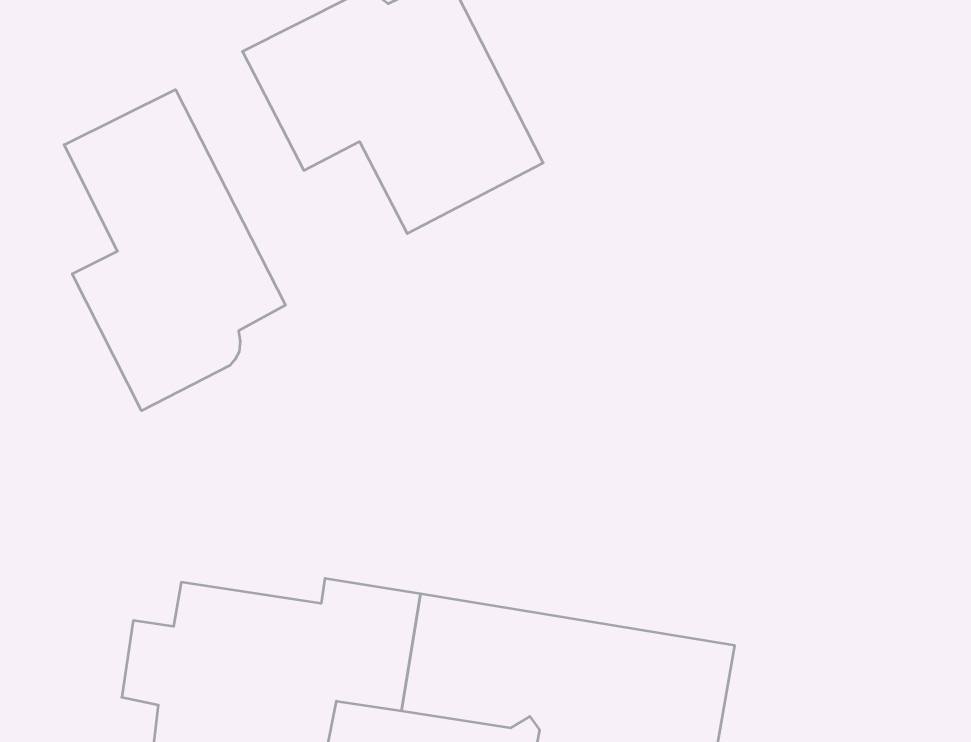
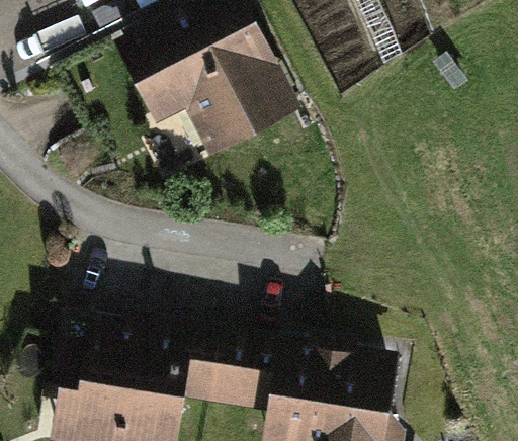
building: [64,90,285,411] -> none

